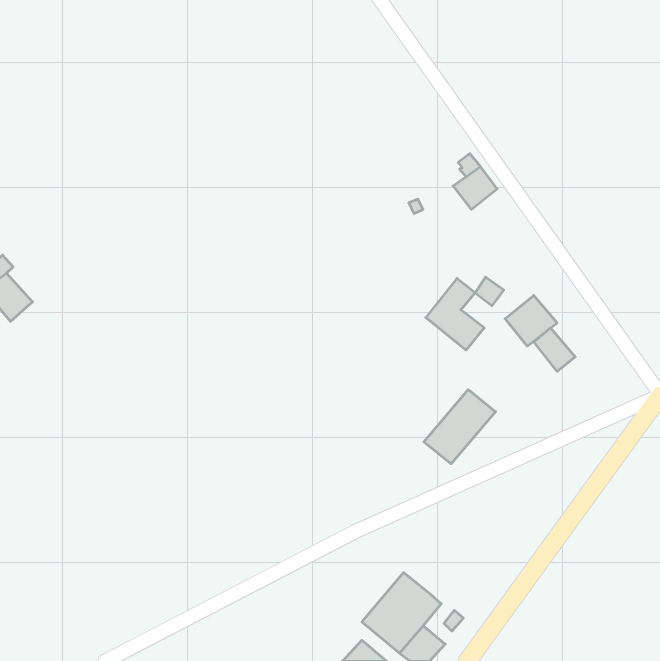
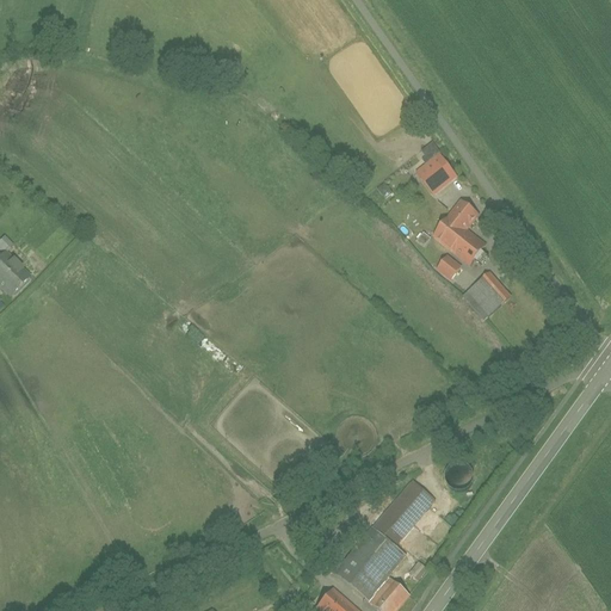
building: [426,278,484,350] -> [432,199,486,265]
building: [534,328,575,371] -> none
building: [424,390,496,464] -> [370,477,436,545]

